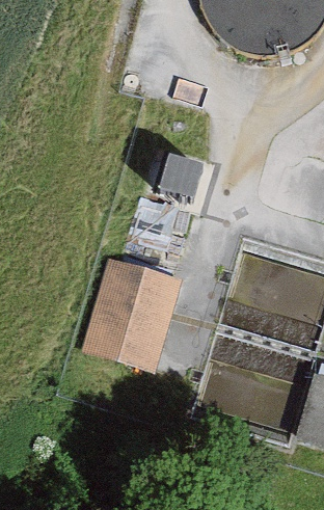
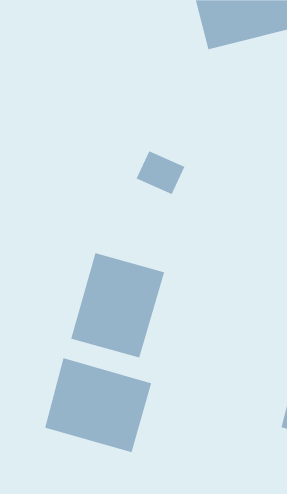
building: none -> [44,357,152,453]

